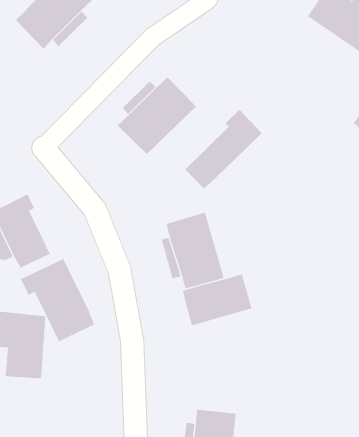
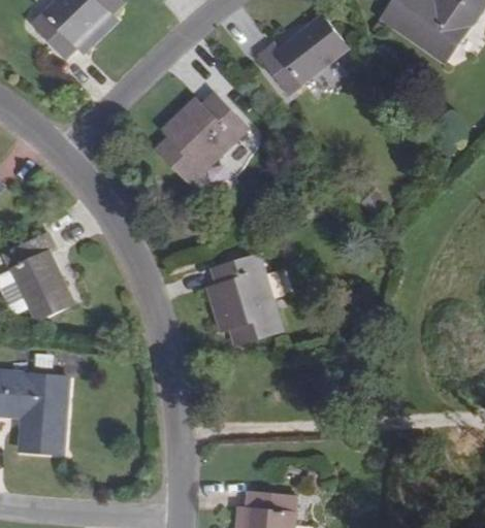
building: none -> [255,13,349,96]
building: [184,109,262,189] -> none
building: [20,258,95,342] -> none
building: [182,274,252,326] -> none

